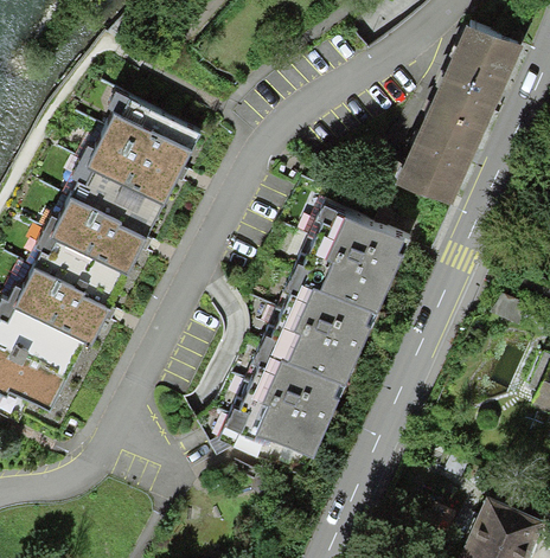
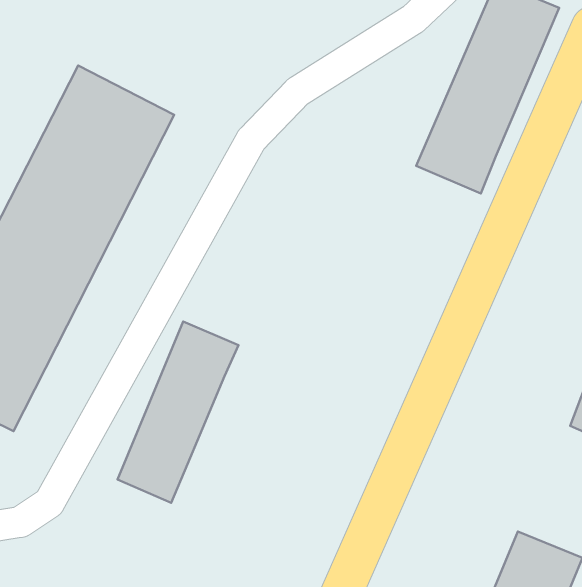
building: [244,209,407,449] -> none
building: none -> [117,322,238,503]

